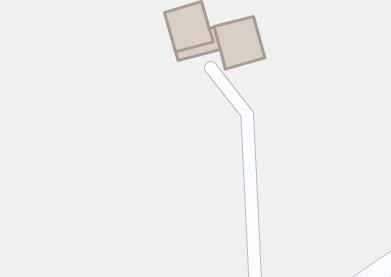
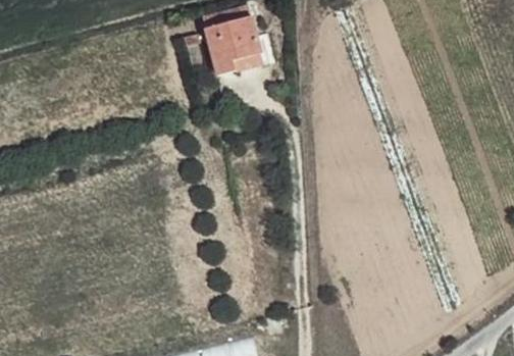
building: [214,16,265,69] -> none

